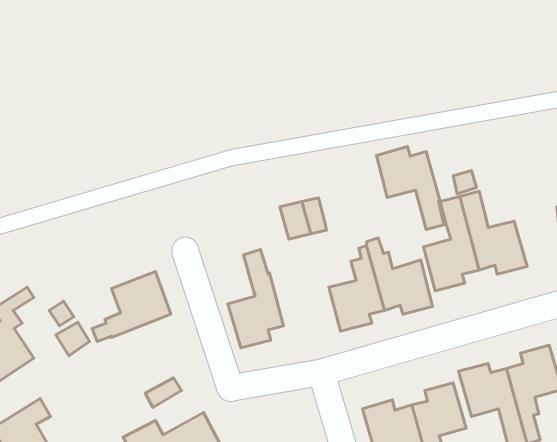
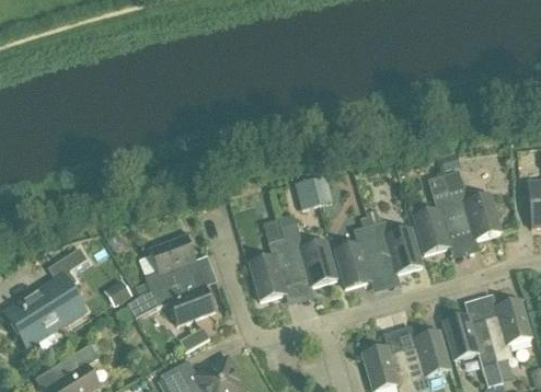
building: [377,147,444,229] -> none
building: none -> [284,232,336,286]
building: none -> [150,272,214,323]

